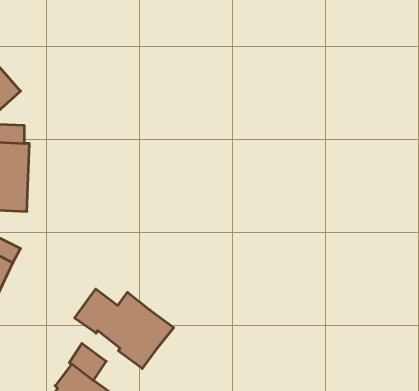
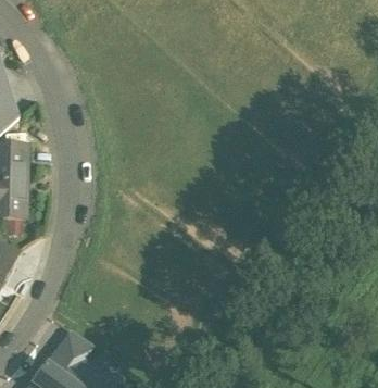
building: [75,289,174,369] -> none

